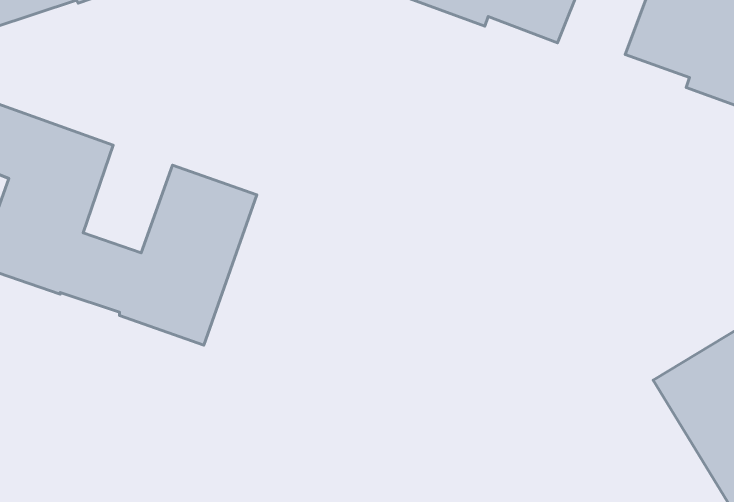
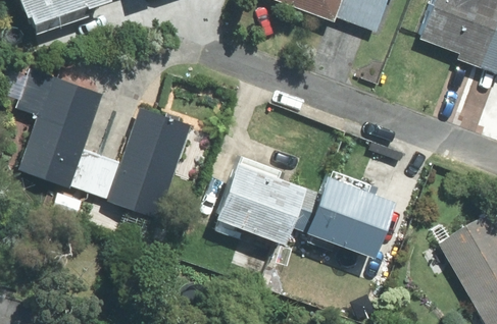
building: none -> [213,157,393,258]

